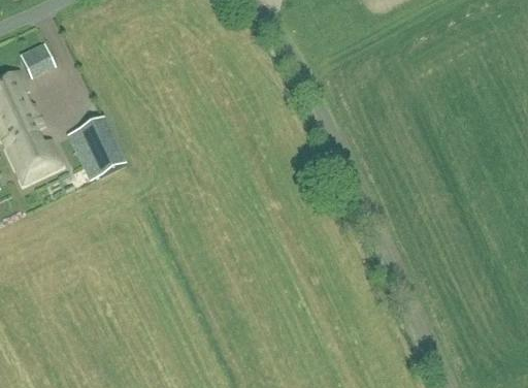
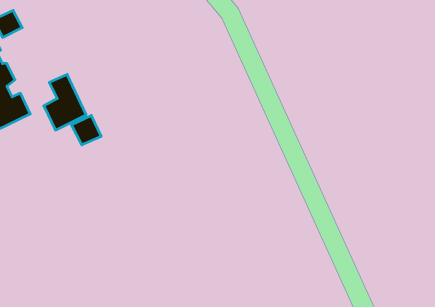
building: none -> [72,115,101,145]

